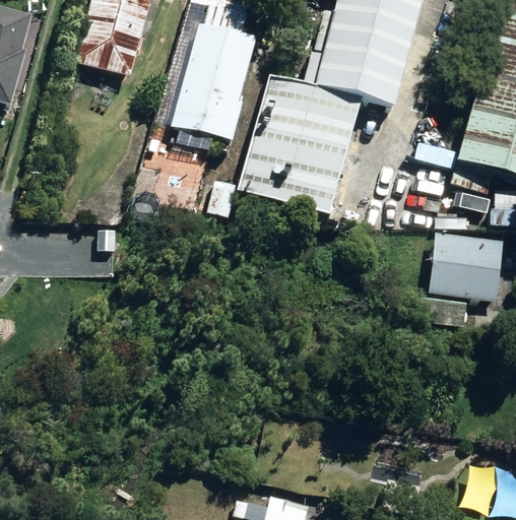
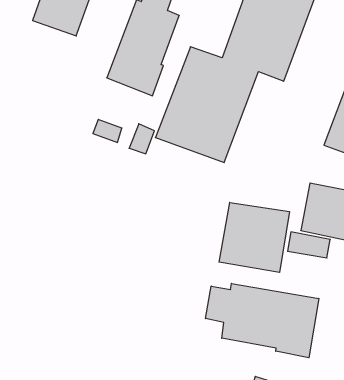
building: none -> [219,202,289,272]
building: none -> [206,283,319,358]

